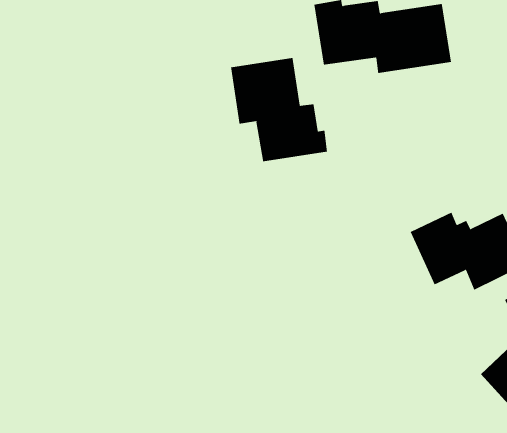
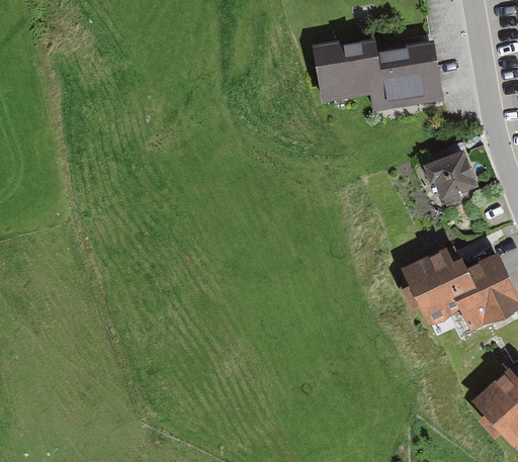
building: [230,57,328,162] -> none
building: none -> [423,149,478,206]

